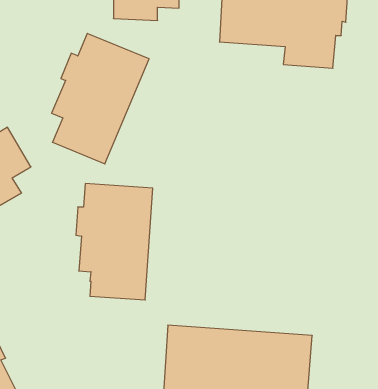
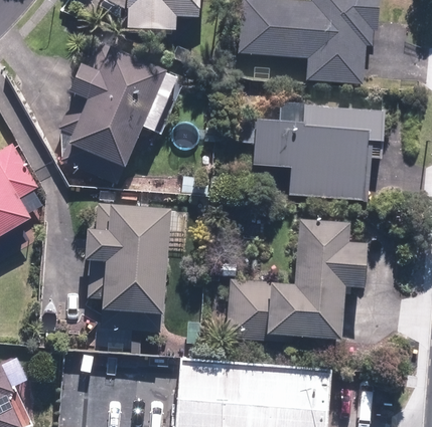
building: none -> [253,108,384,201]
building: none -> [226,220,364,343]

